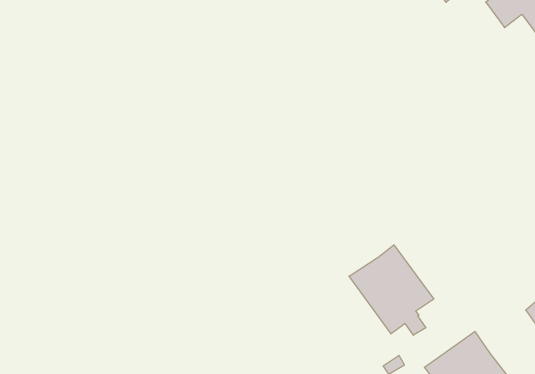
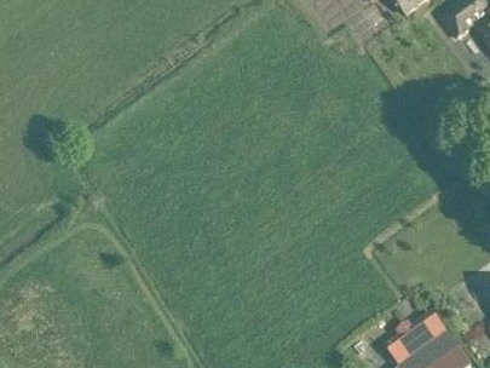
building: [349,245,434,335] -> none

